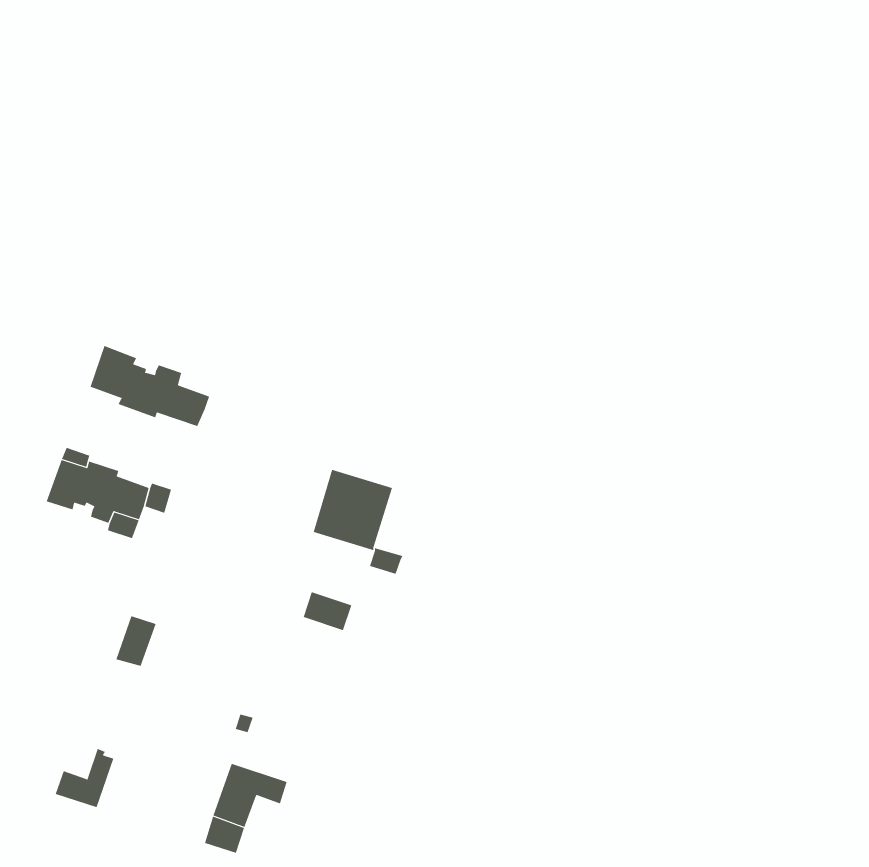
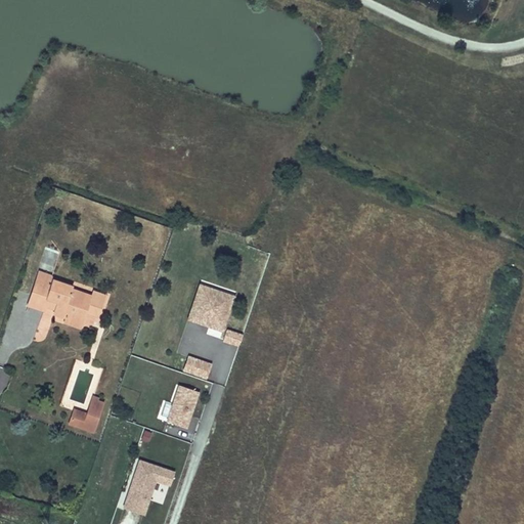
building: [90,345,210,427] -> none
building: none -> [166,386,200,430]
building: [55,748,114,808] -> [68,395,103,431]

